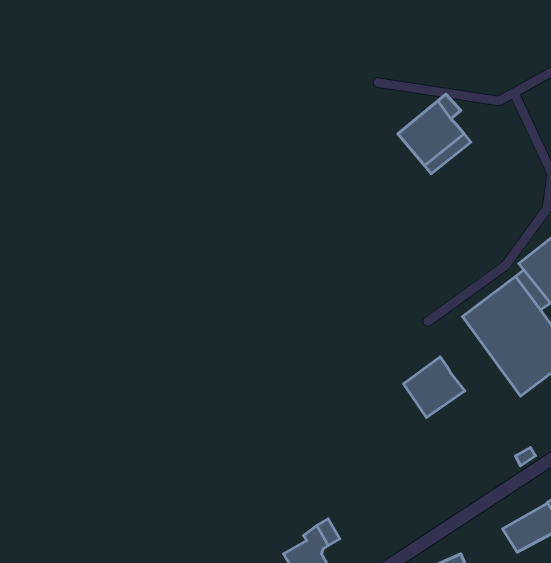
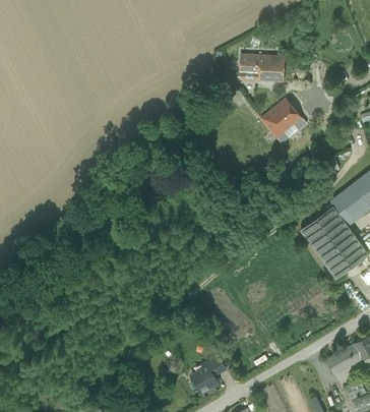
building: none -> [240,54,285,80]
building: [403,357,465,417] -> none

